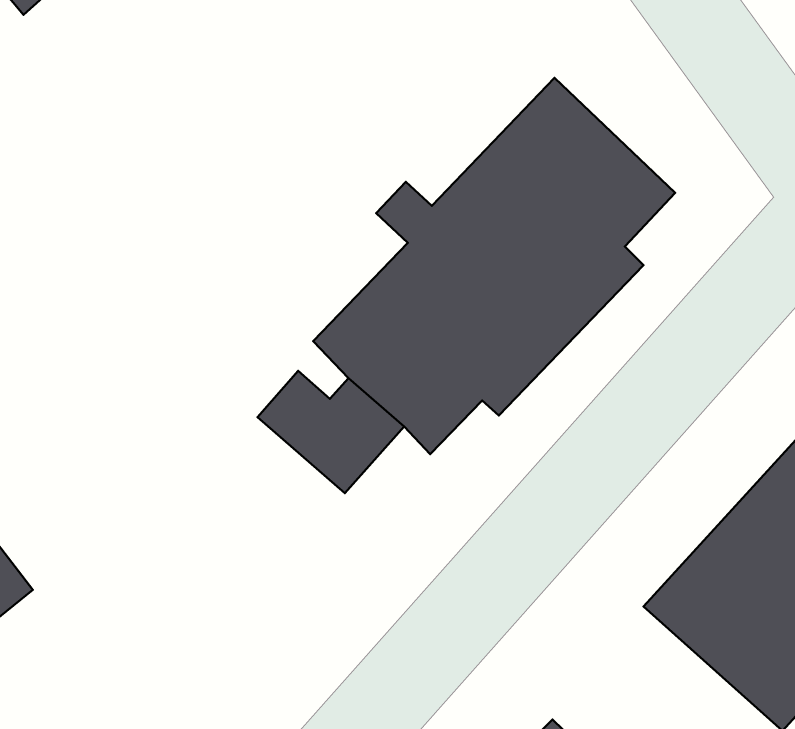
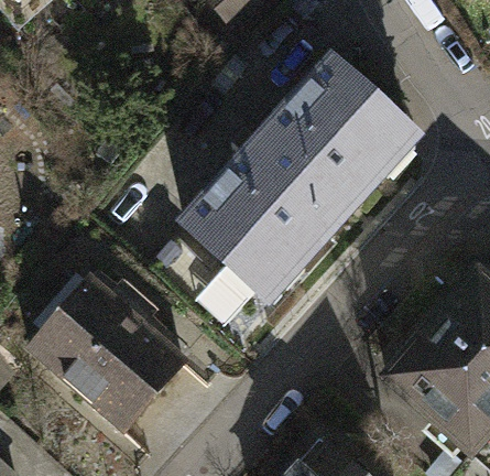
building: none -> [28,273,183,424]

